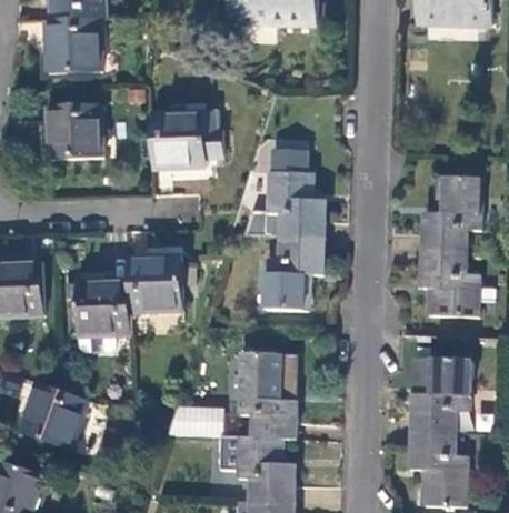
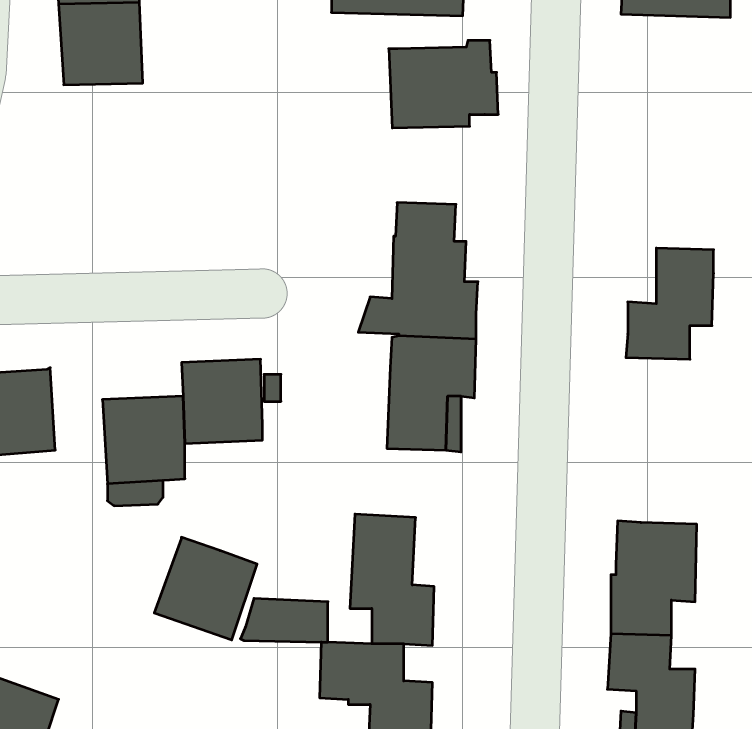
building: [46,101,101,155] -> none
building: [150,105,222,163] -> [389,40,498,128]
building: [420,250,477,316] -> none
building: [18,381,86,449] -> [154,537,257,640]

